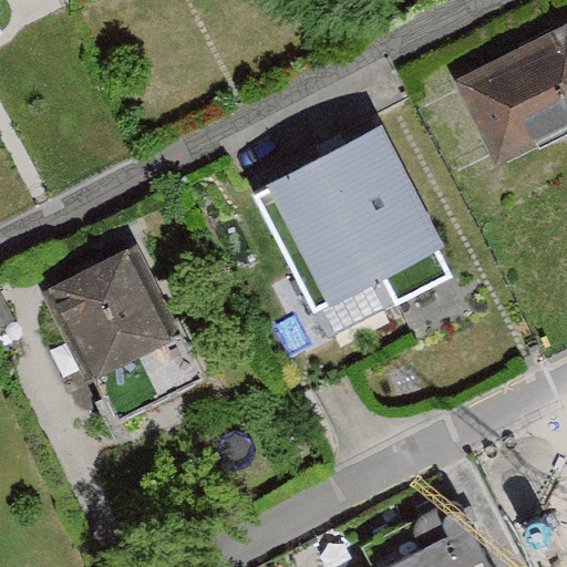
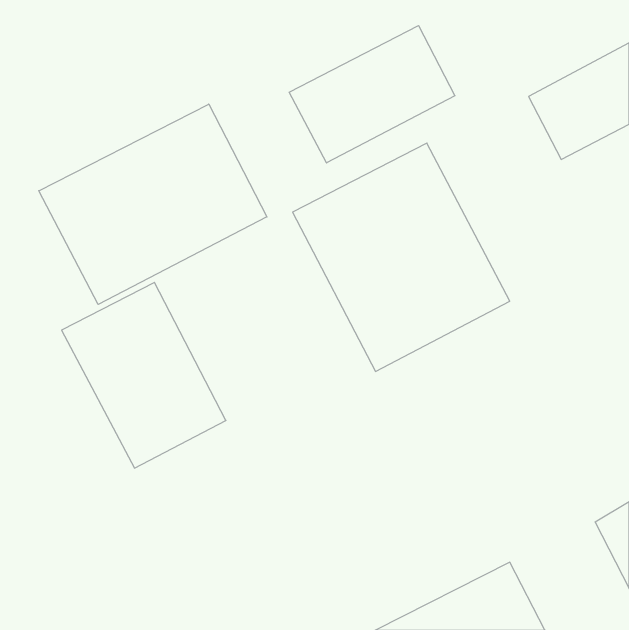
building: none -> [289,26,455,163]
building: none -> [39,104,267,304]

